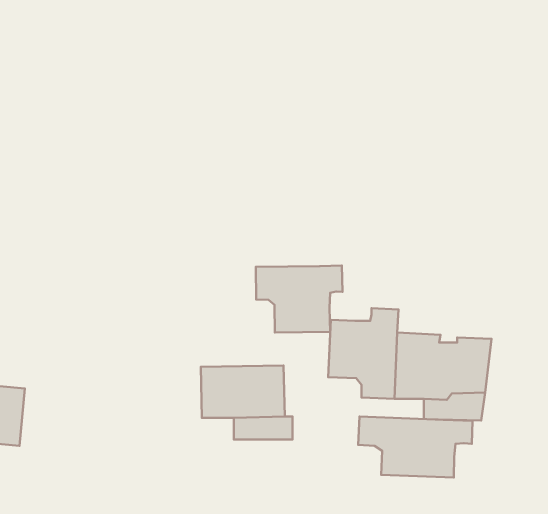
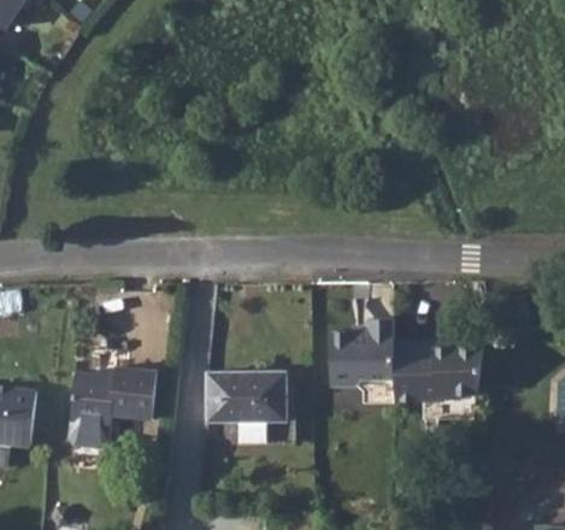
building: [256,265,342,333] -> none
building: none -> [66,367,155,448]
building: [358,416,473,478] -> none

